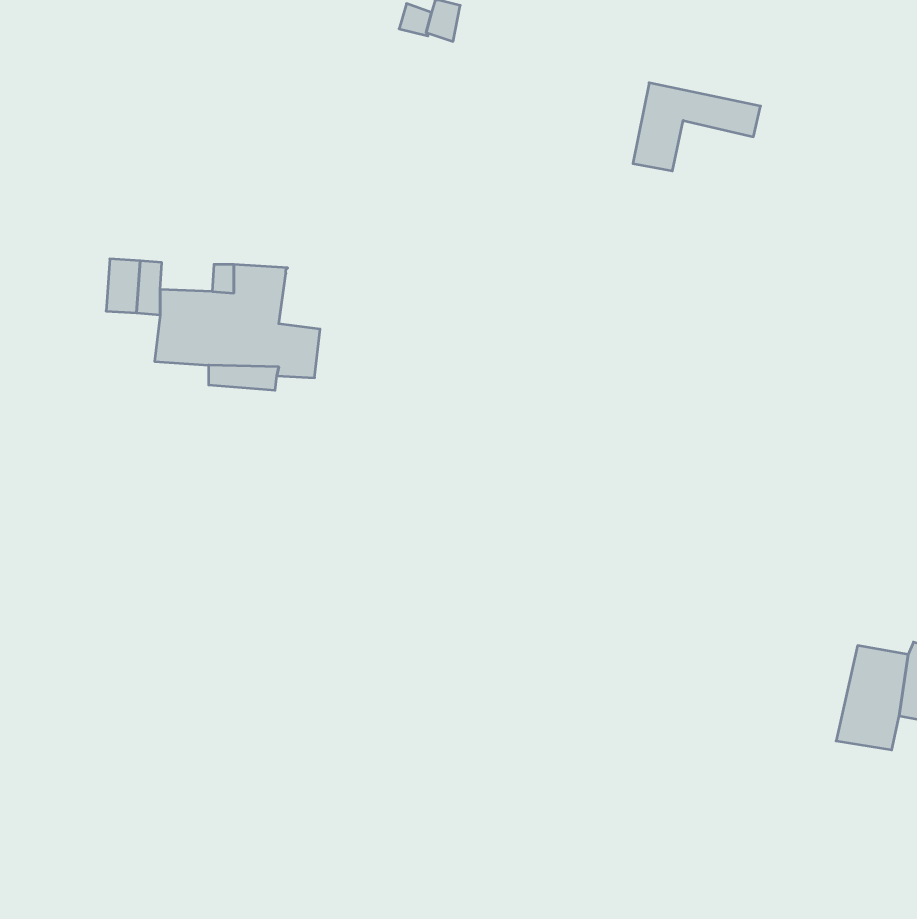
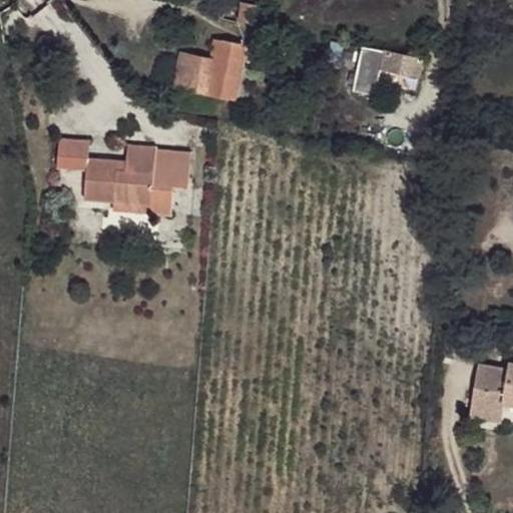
building: none -> [173,40,242,98]
building: none -> [156,152,194,184]

